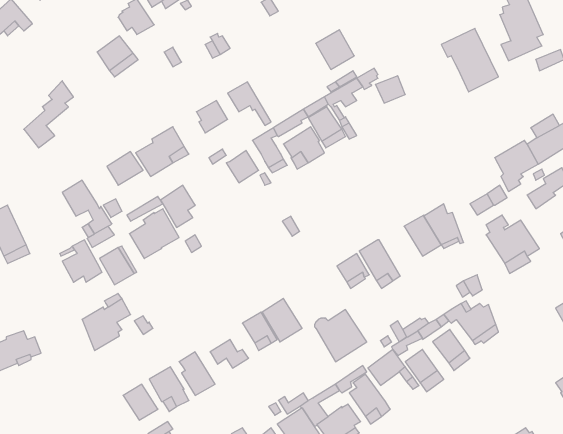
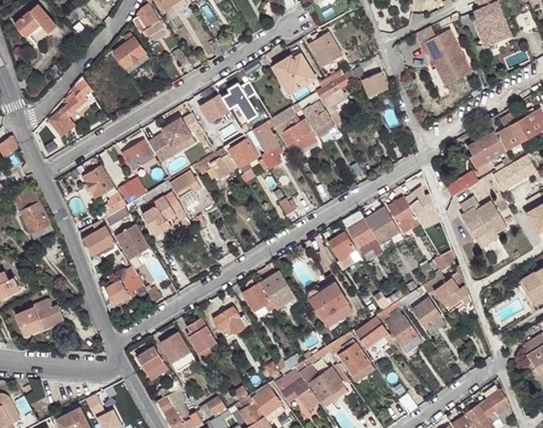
building: none -> [273,53,316,94]
building: none -> [196,149,236,180]
building: none -> [364,207,403,251]

